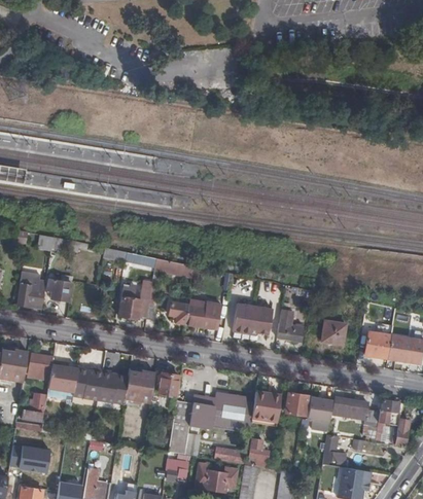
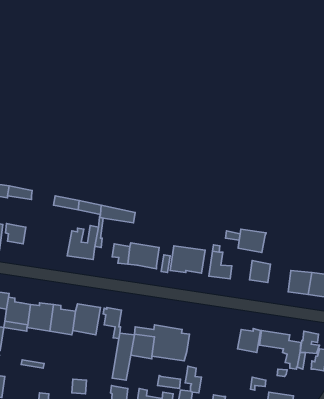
building: none -> [238,229,266,252]
building: [252,391,282,426] -> none
building: [285,393,308,416] -> none

